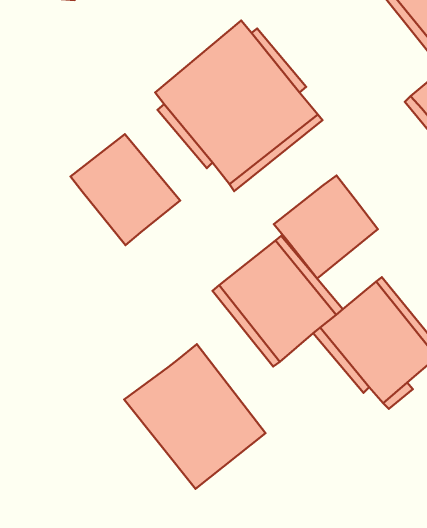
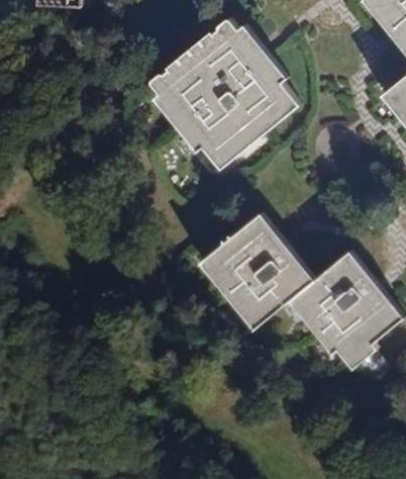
building: [71,134,180,245] -> none
building: [274,175,378,278] -> none
building: [124,344,266,489] -> none

